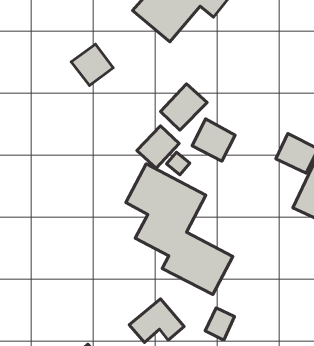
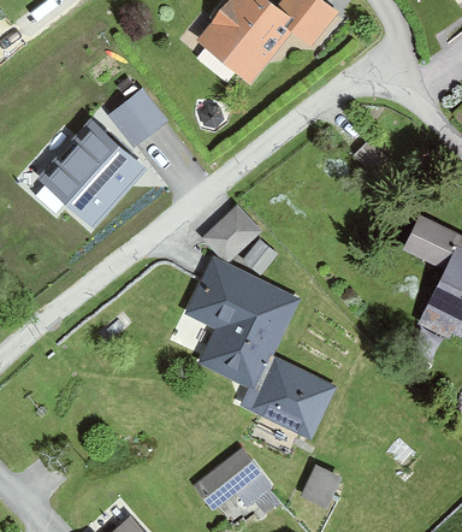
building: none -> [37,116,148,225]
building: [160,84,207,130] -> none
building: [192,119,235,161] -> none

